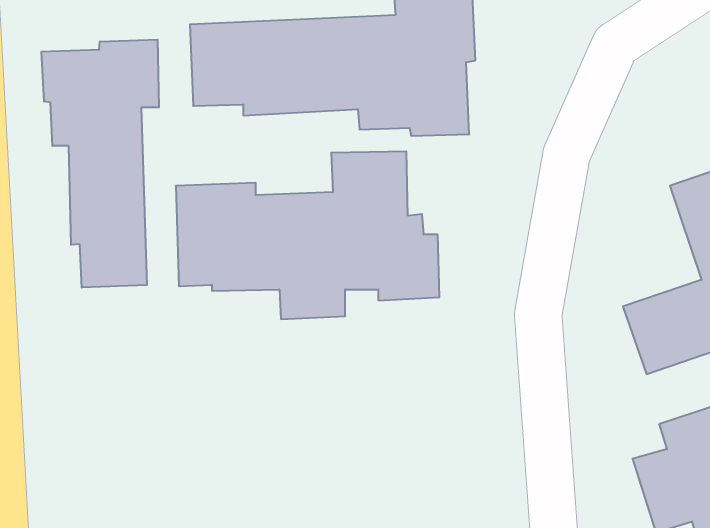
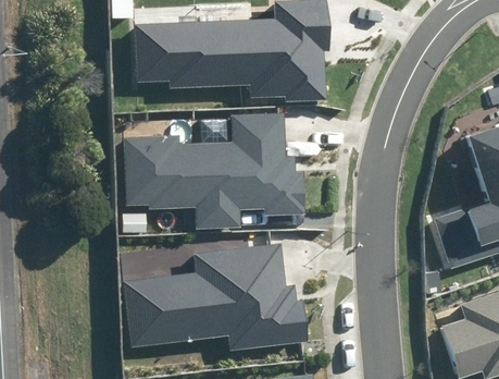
building: [42,40,159,288] -> none
building: none -> [121,244,307,351]

